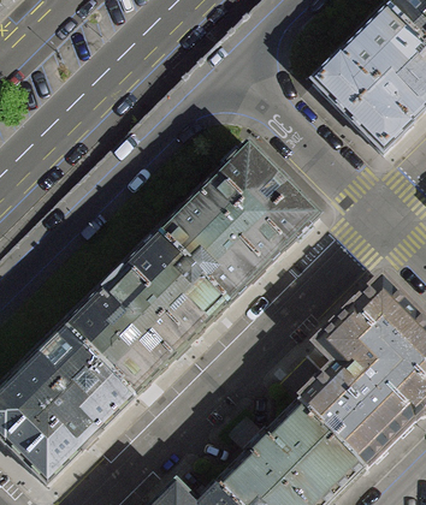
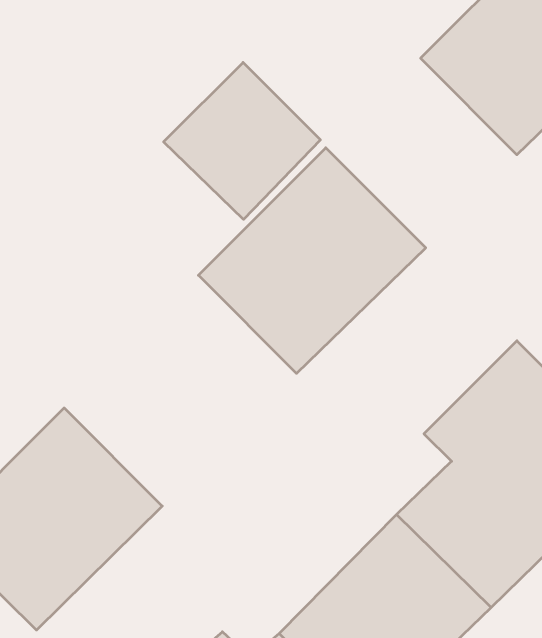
building: none -> [164,62,320,219]
building: [63,233,225,394] -> none

